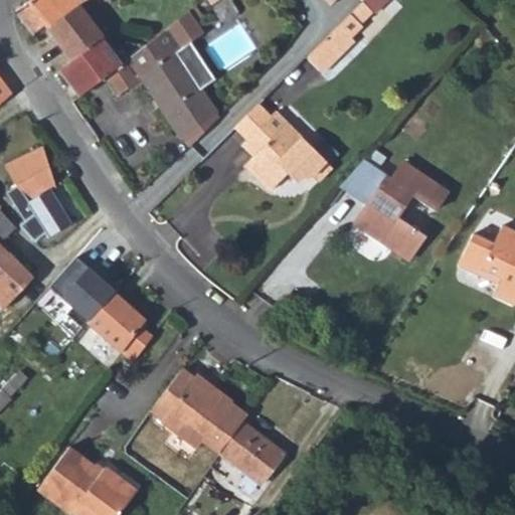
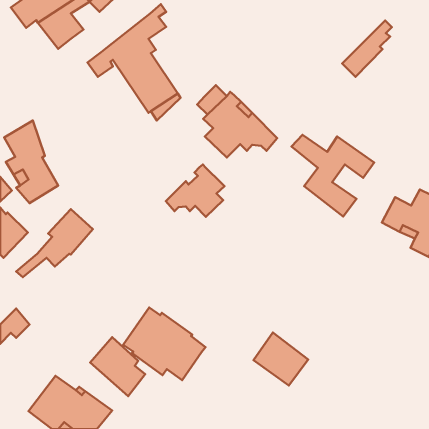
building: [307,4,366,71] -> [342,21,392,77]
building: [58,35,123,95] -> none
building: none -> [166,165,224,217]
building: [88,287,153,357] -> [90,337,145,396]
building: [219,420,285,484] -> [253,332,308,386]

